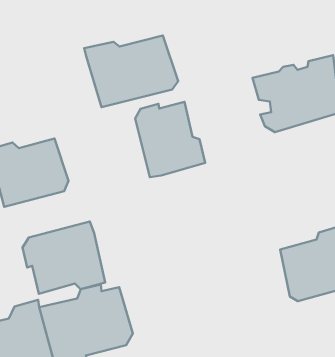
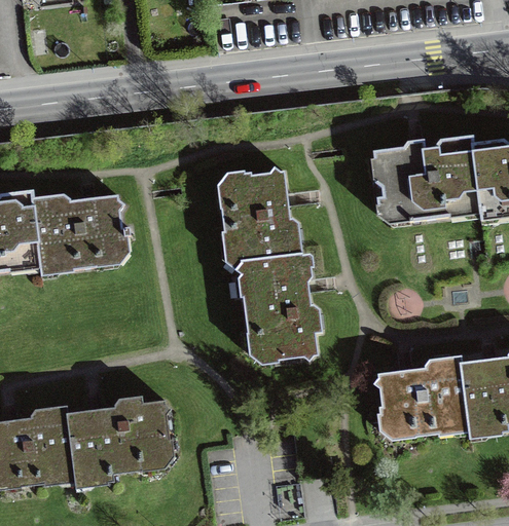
building: [84,35,178,107] -> none
building: none -> [242,252,322,364]
building: [22,221,105,294] -> none

